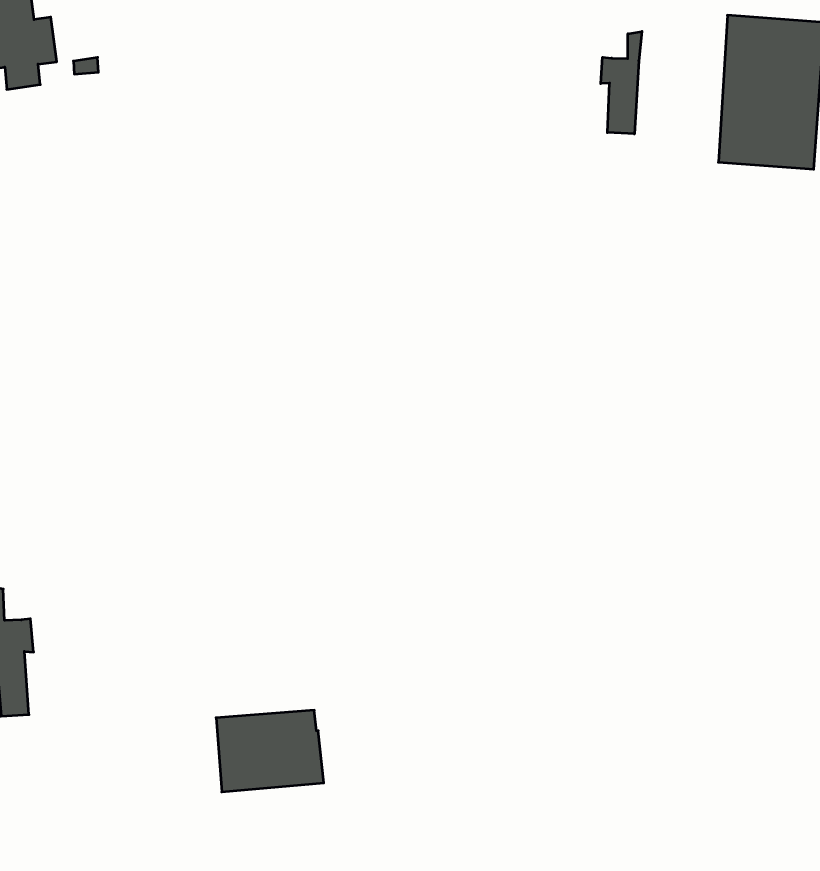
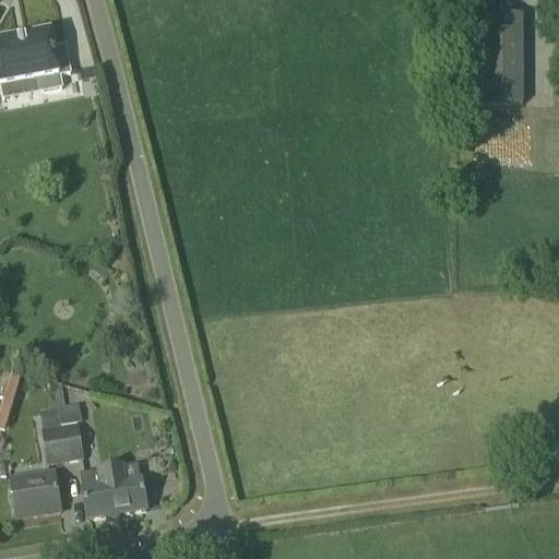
building: [601,31,642,134] -> none
building: [216,710,324,792] -> [80,464,146,516]

